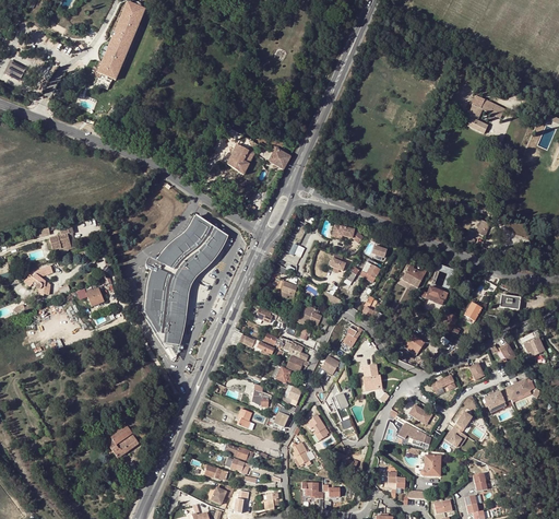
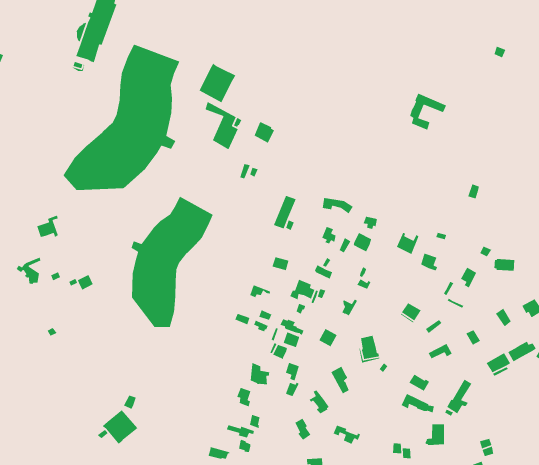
building: none -> [63,44,180,191]
building: none -> [198,62,236,103]
building: [466,95,504,133] -> [409,93,447,131]

